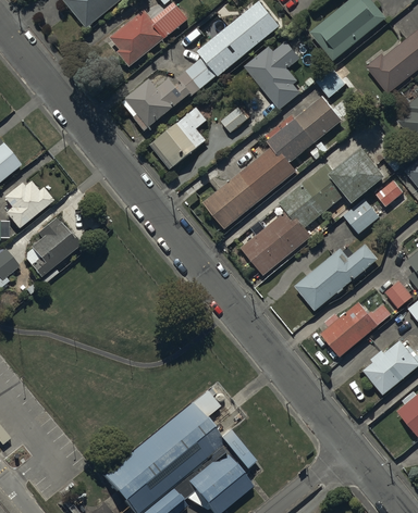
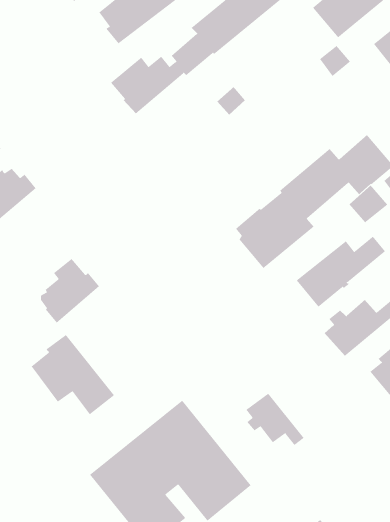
building: [245,41,299,109] -> none
building: [202,96,342,229] -> none
building: [150,104,206,167] -> none
building: [25,218,81,279] -> [40,258,100,324]
building: none -> [31,334,115,415]
building: none -> [246,393,304,446]

